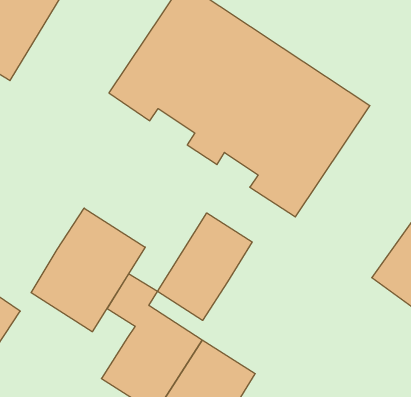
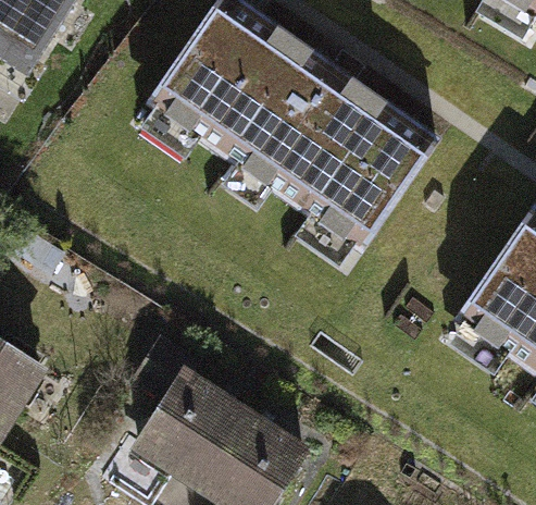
building: [31,208,145,332] -> none
building: [157,213,252,320] -> none

